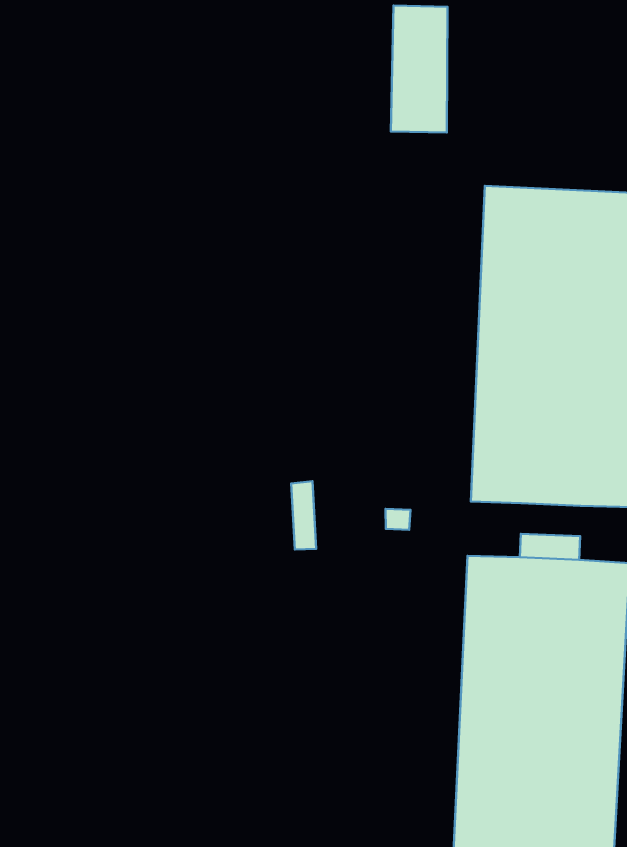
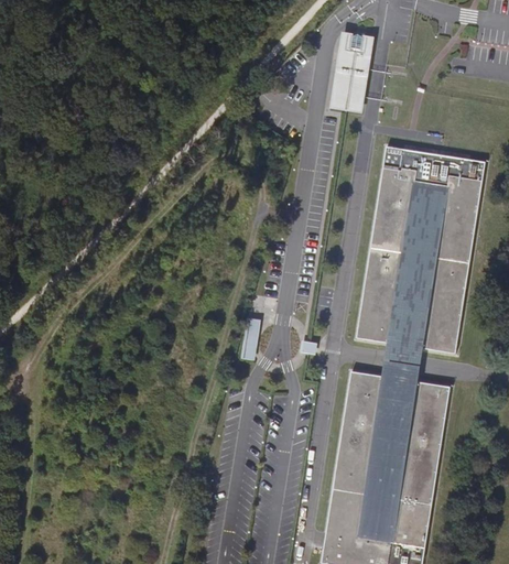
building: none -> [385,344,423,365]

